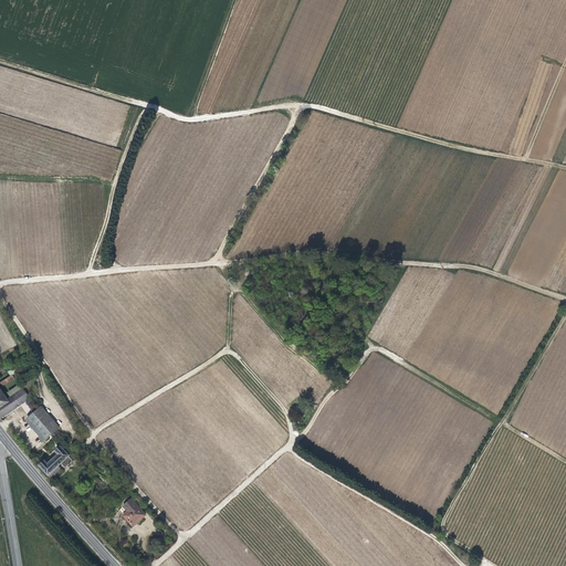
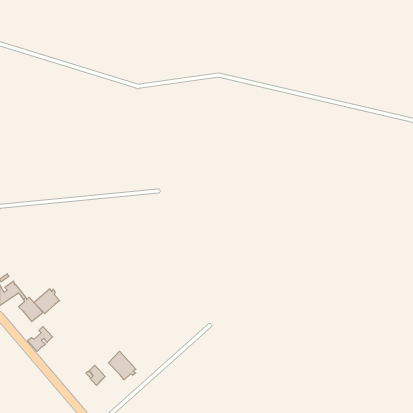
building: none -> [34,289,60,314]
building: none -> [108,351,136,380]

